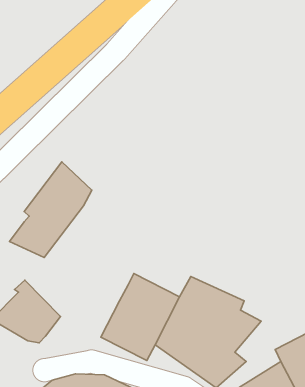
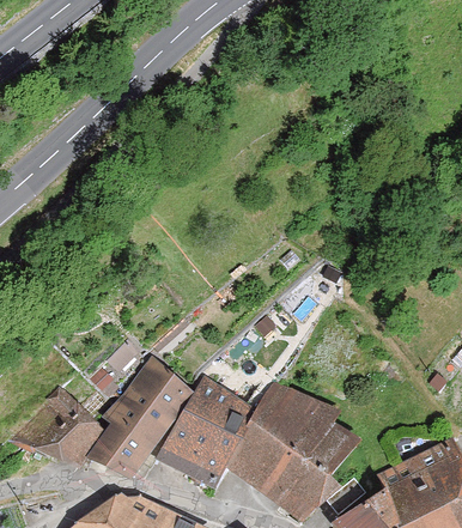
building: [9,162,92,257] -> [85,356,190,478]

